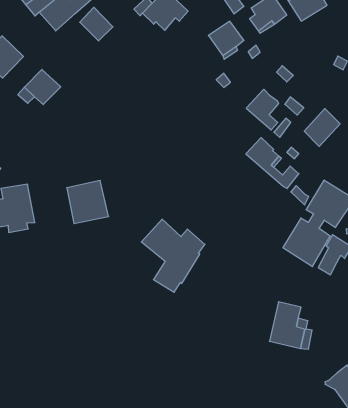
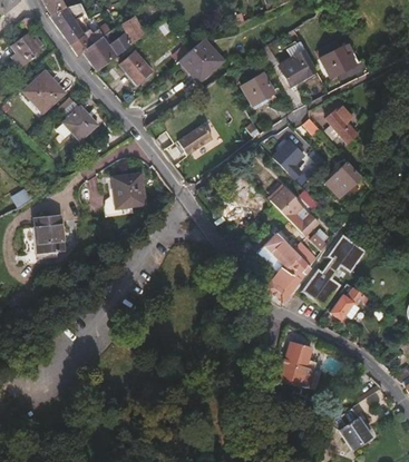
building: none -> [325,106,358,142]
building: none -> [177,124,213,156]
building: [67,181,109,224] -> [110,170,148,209]
building: [141,219,205,292] -> [256,232,317,302]

